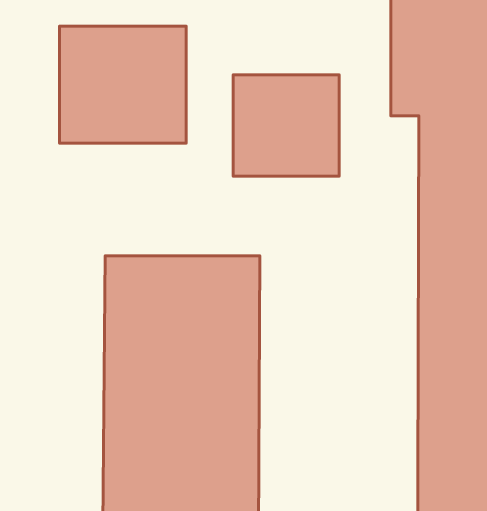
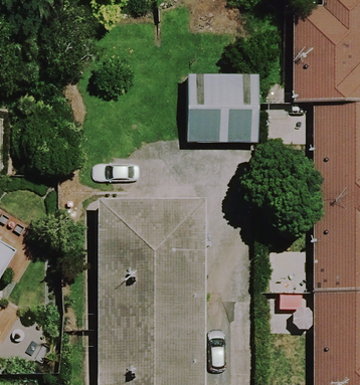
building: [60,26,186,143] -> none

